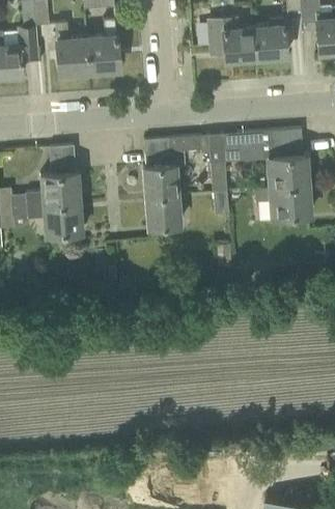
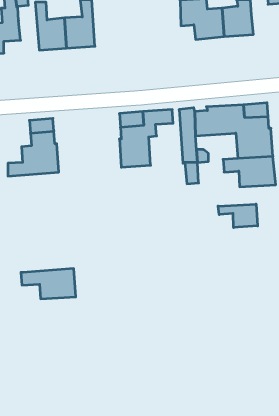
building: [146,196,179,228] -> none
building: [24,203,82,235] -> [21,269,76,299]
building: none -> [218,204,258,228]

